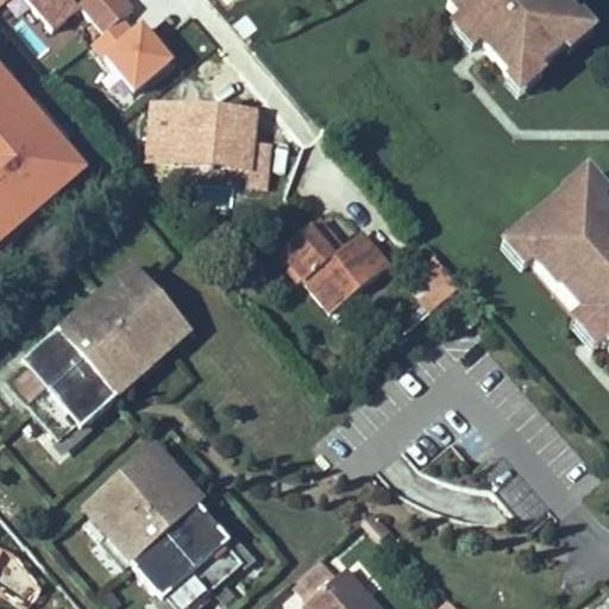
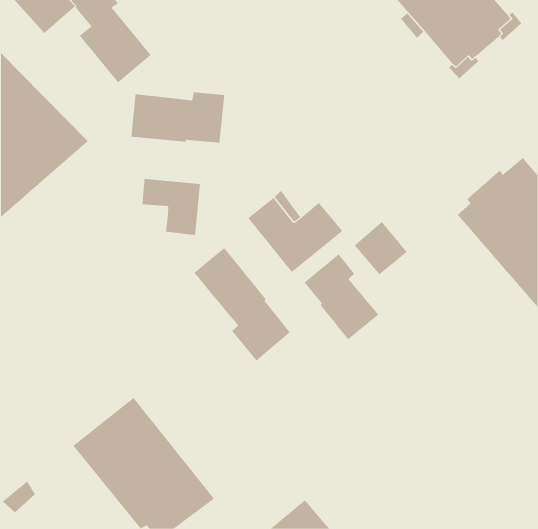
building: none -> [142,178,201,236]
building: [6,259,190,440] -> none
building: none -> [193,247,291,361]
building: none -> [304,253,379,340]

